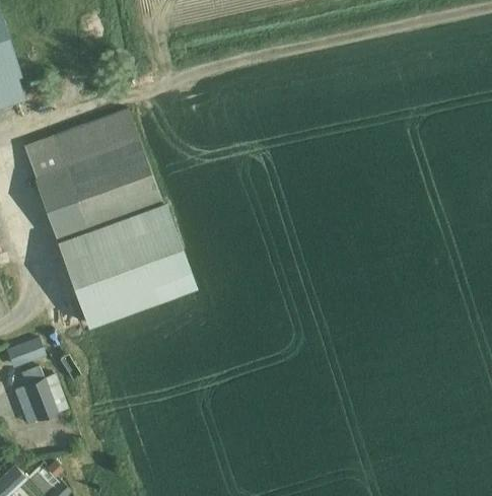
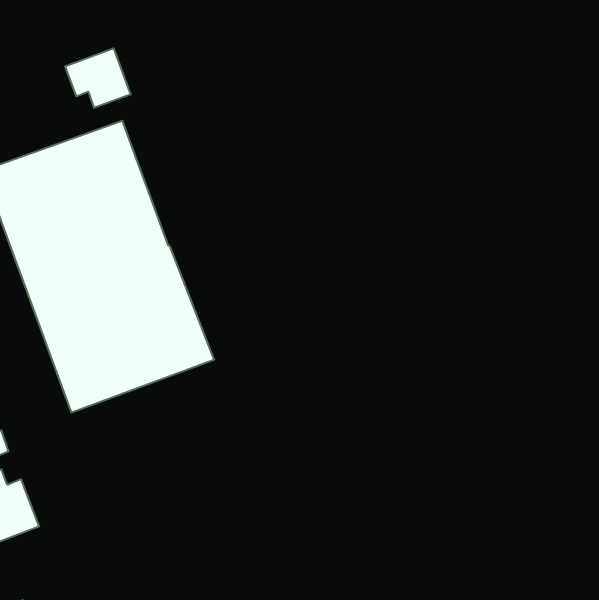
building: none -> [65,48,131,108]

